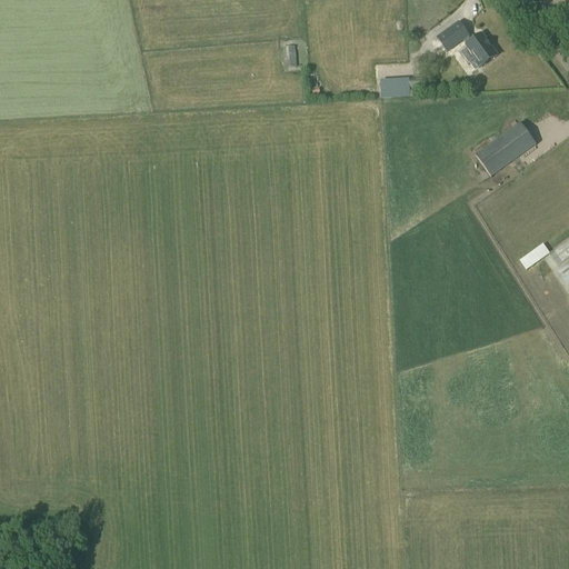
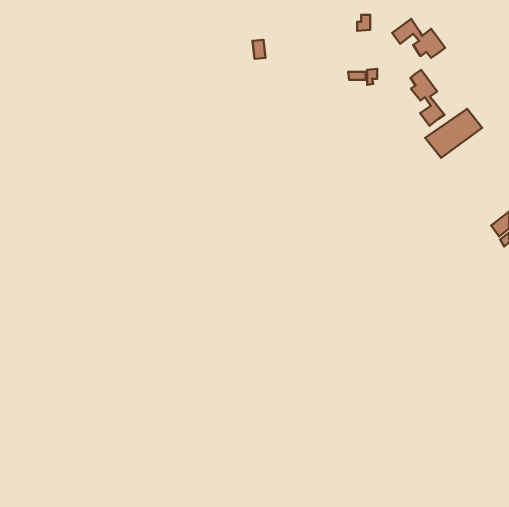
building: none -> [411,70,444,126]

